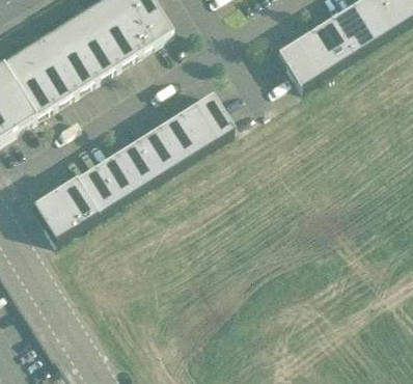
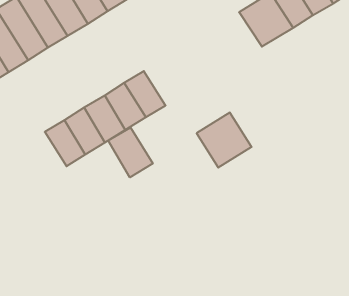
building: [177,91,236,149] -> [197,113,252,168]
building: none -> [108,128,153,177]
building: [31,177,95,239] -> none

